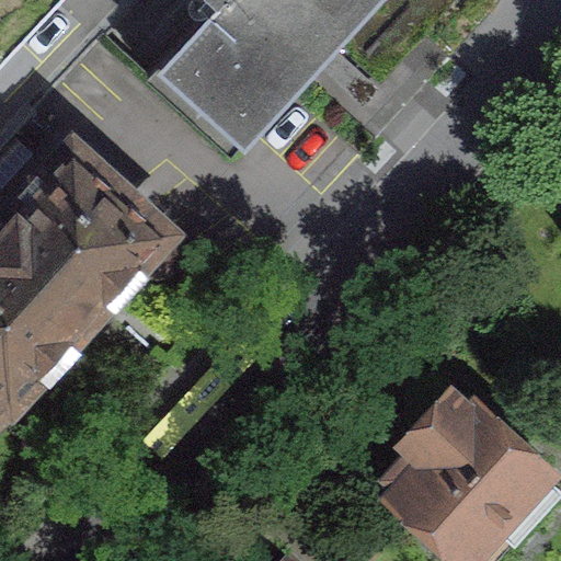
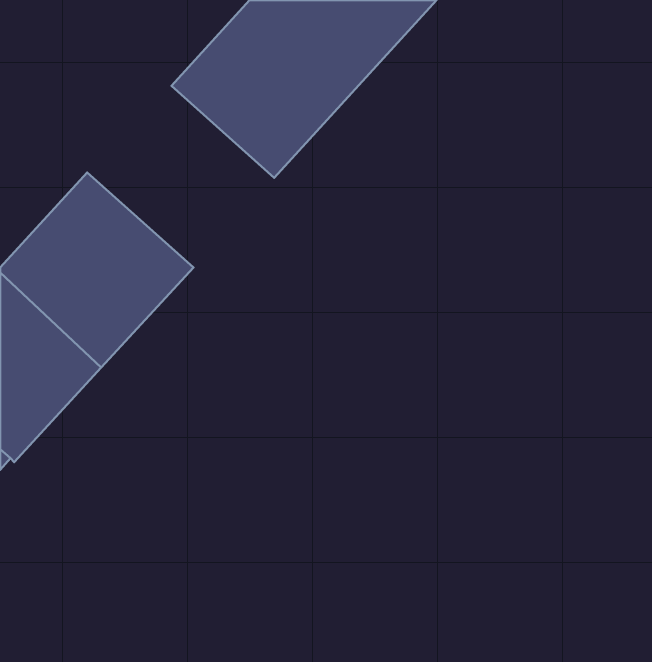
building: [408,396,552,554] -> none

